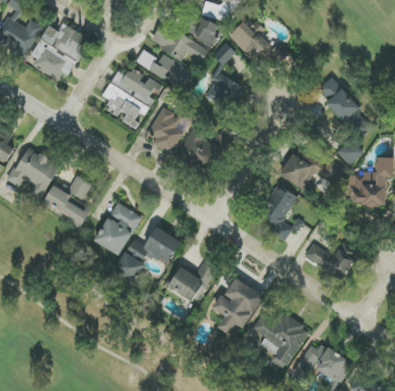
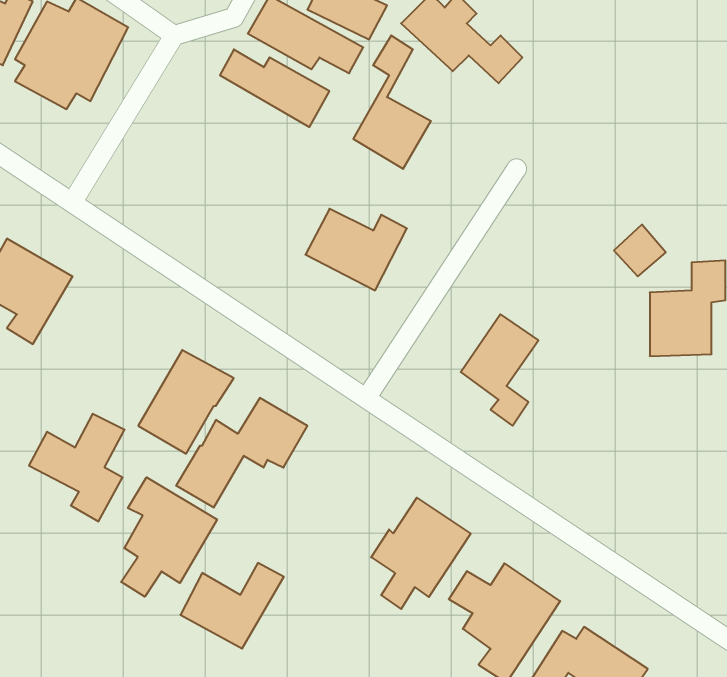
building: [103,68,162,128] -> none
building: [317,77,362,123] -> none
building: [147,108,184,155] -> none
building: [281,155,342,190] -> none
building: [44,175,92,230] -> [29,414,125,521]
building: [304,243,357,281] -> none
building: [165,259,218,303] -> [180,563,284,649]
building: none -> [121,477,217,597]

